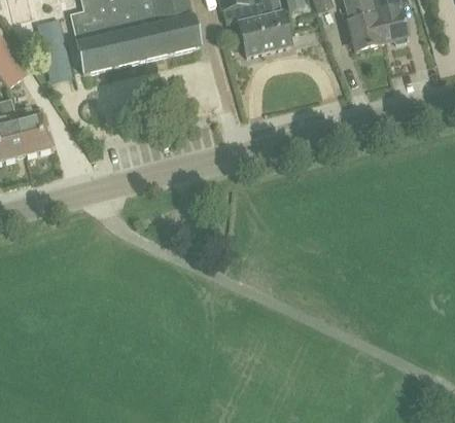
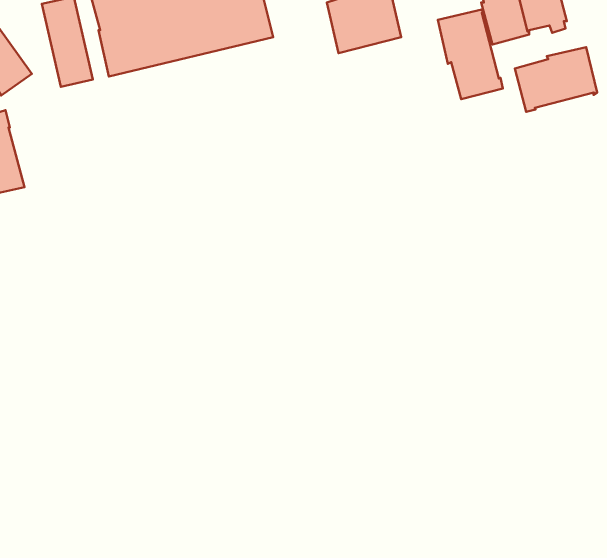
building: none -> [438,9,503,99]
building: none -> [515,47,597,112]
building: [12,105,52,152] -> none

